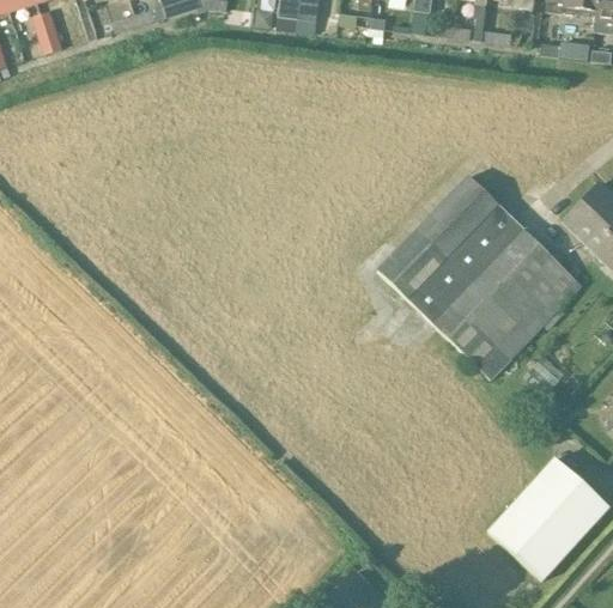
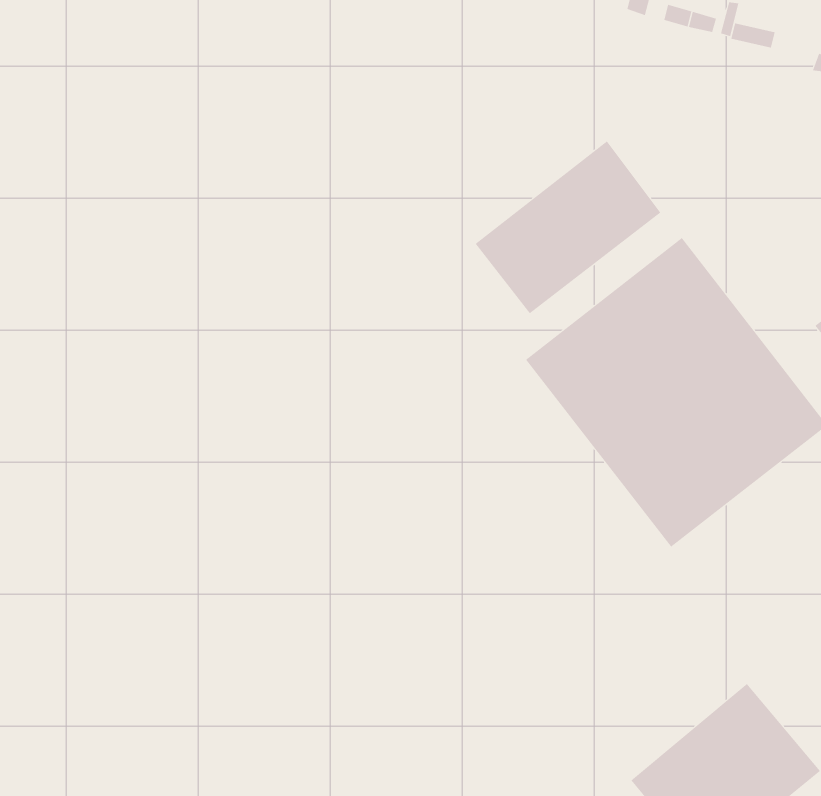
building: none -> [475,141,661,314]

